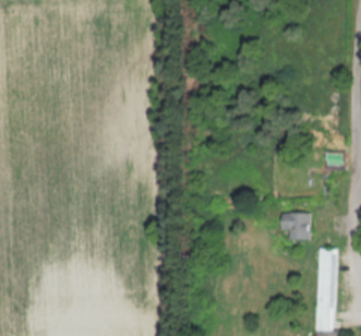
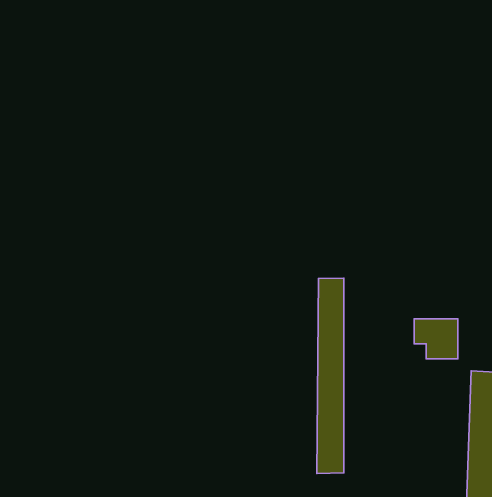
building: none -> [317,278,344,473]

